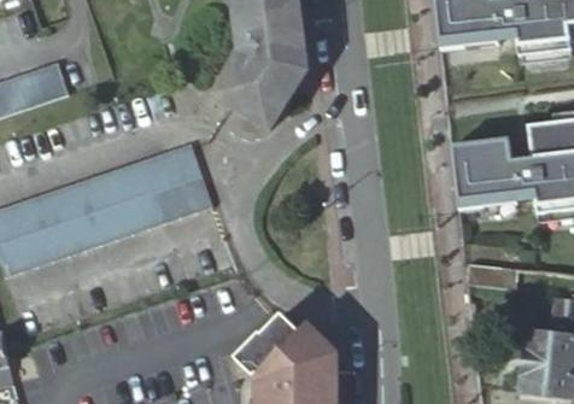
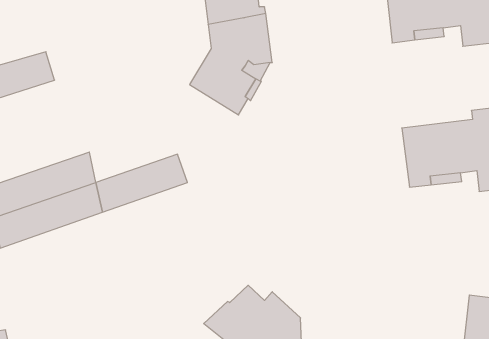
building: [104,141,201,205] -> none

